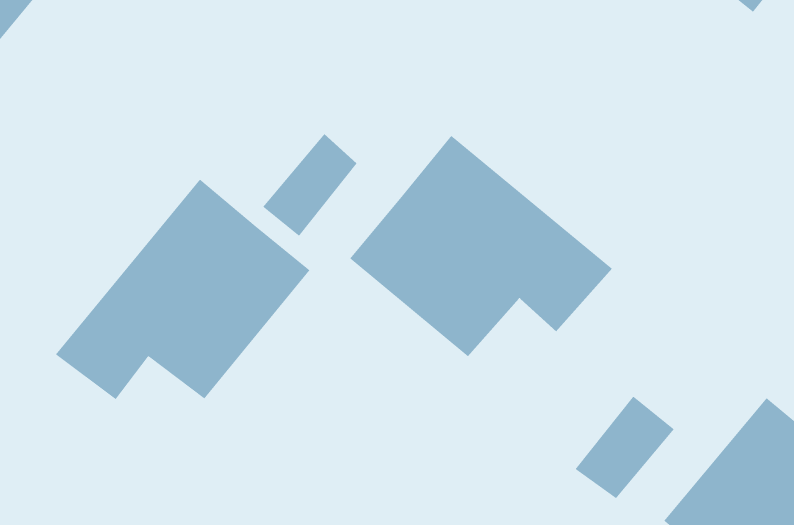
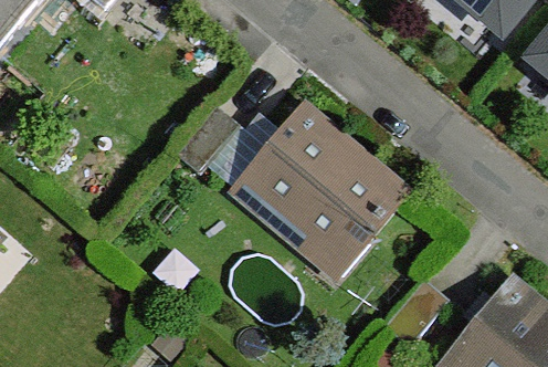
building: [55,179,310,400] -> none

